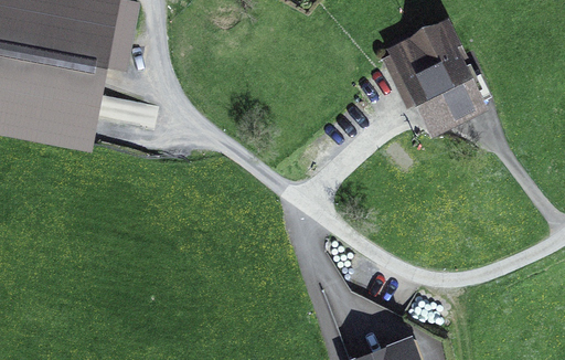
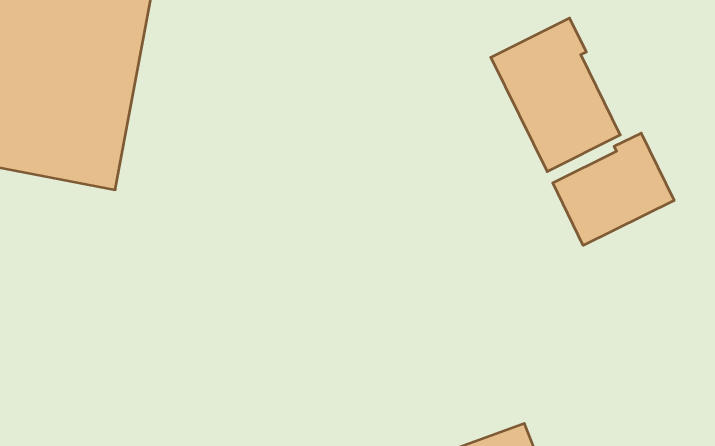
building: none -> [553,133,674,245]

